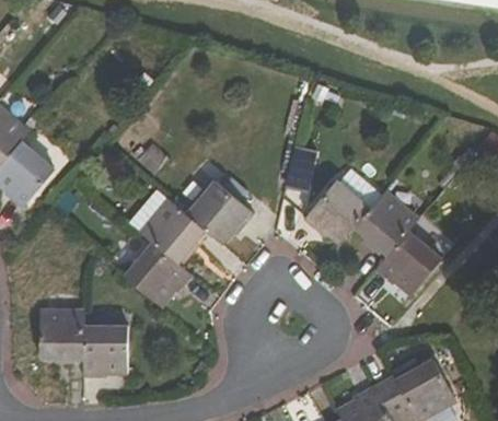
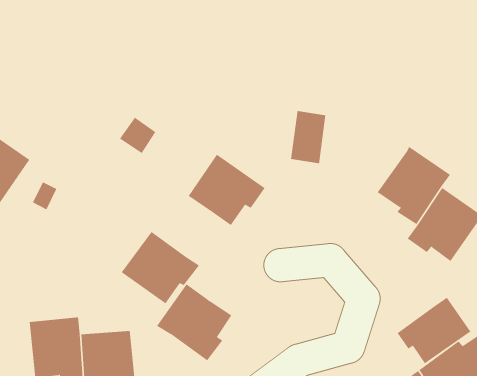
building: [302,167,382,245] -> none
building: [140,198,207,267] -> [156,284,232,361]
building: none -> [397,297,471,364]

